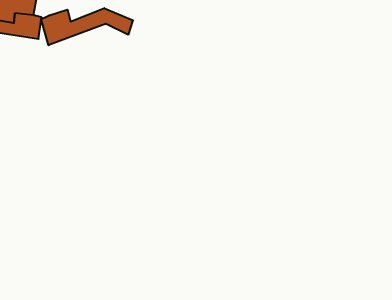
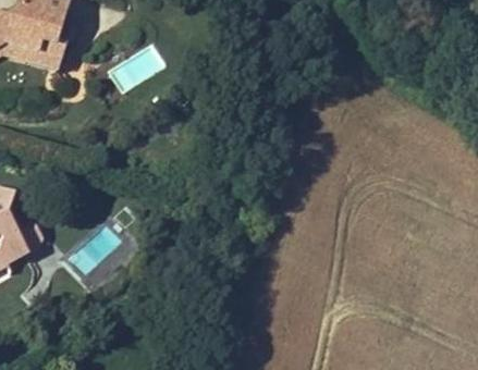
building: [41,8,133,45] -> none

